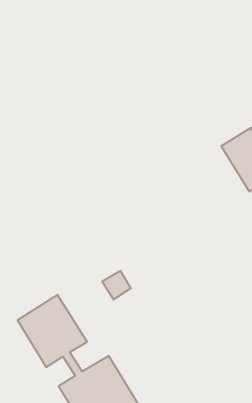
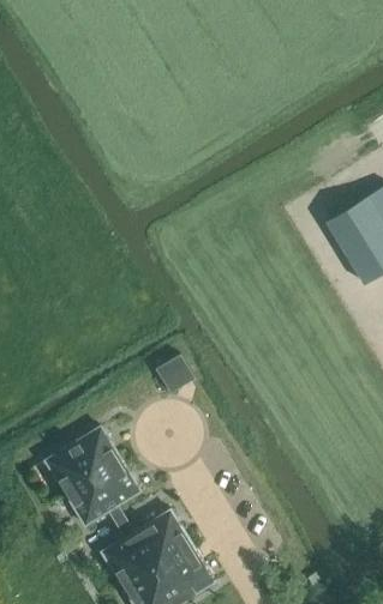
building: [102,271,131,300] -> [155,354,195,393]

